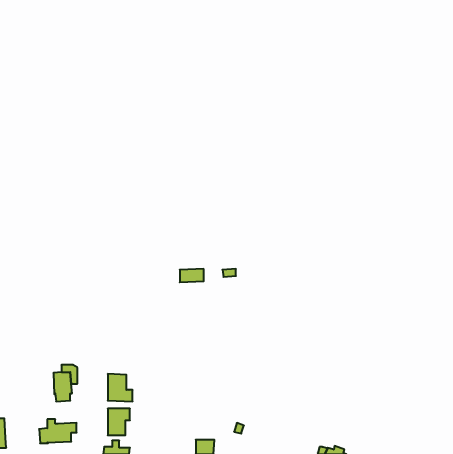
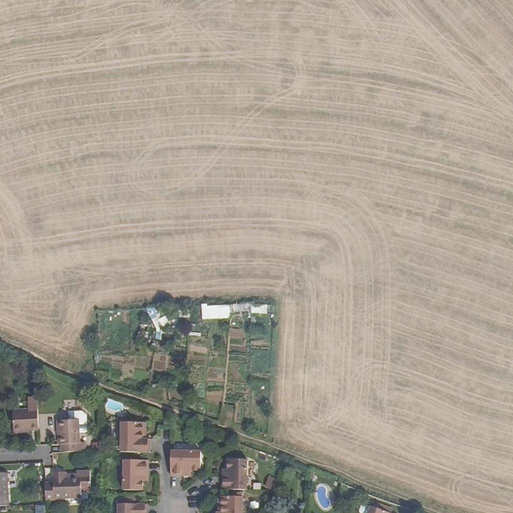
building: none -> [12,401,38,429]
building: none -> [169,450,200,475]
building: none -> [220,458,245,489]

